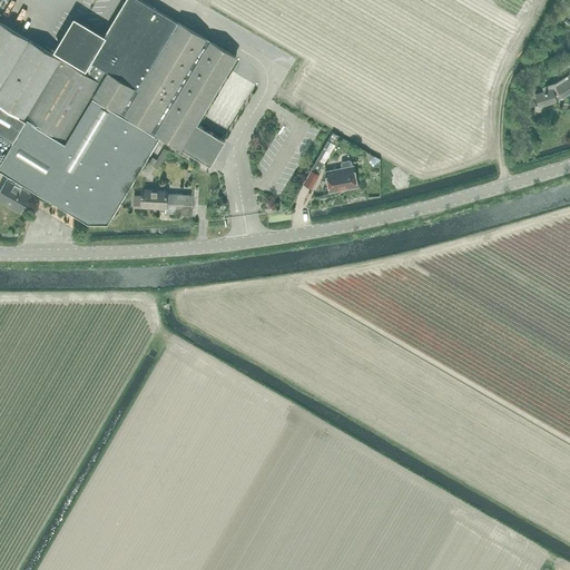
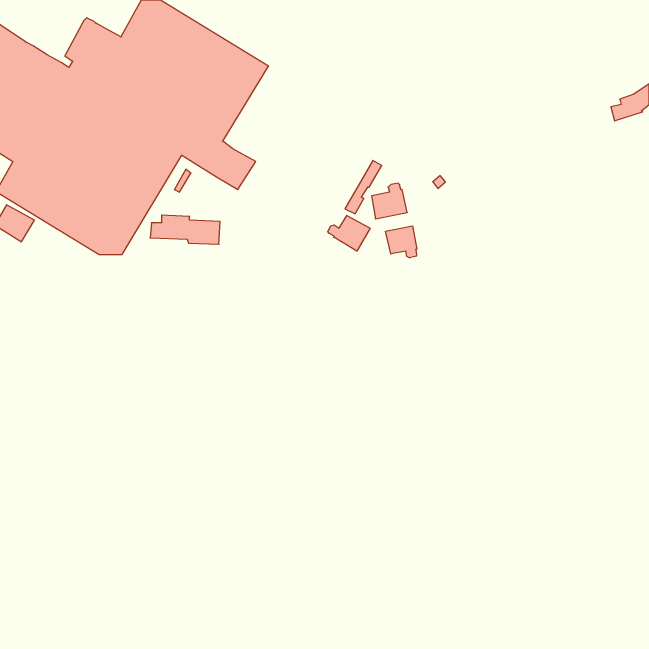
building: none -> [328,215,370,251]
building: none -> [386,226,417,258]

